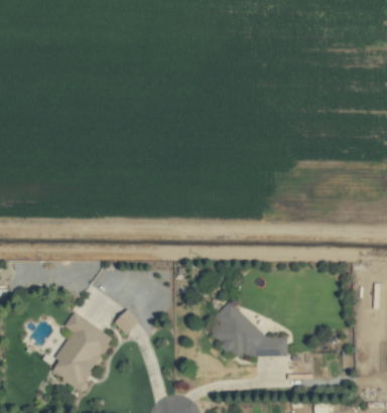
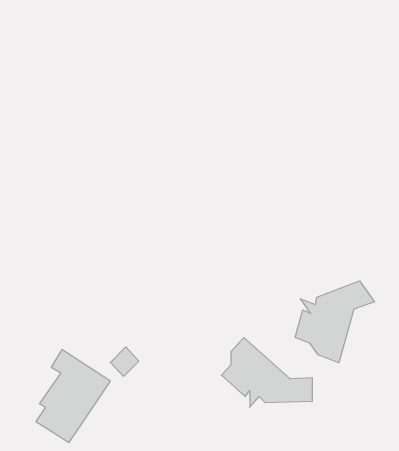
building: none -> [295,281,374,363]

